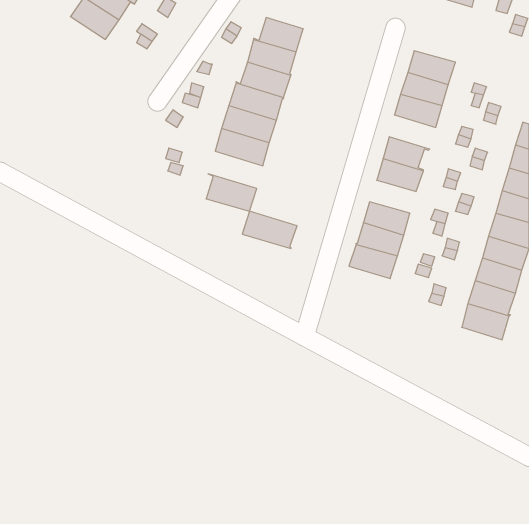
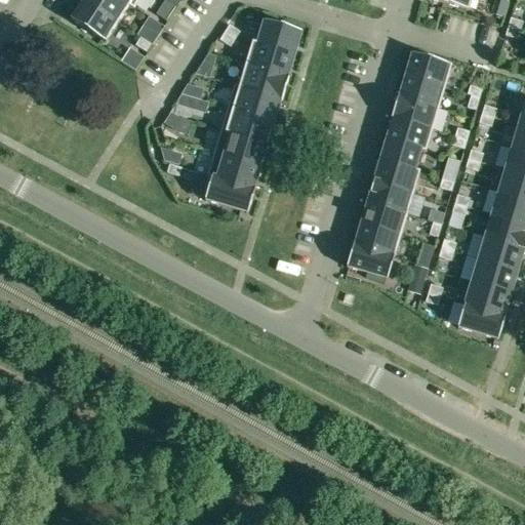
building: none -> [386,114,432,148]
building: none -> [366,178,412,211]
building: [242,211,297,249] -> [206,150,260,187]

